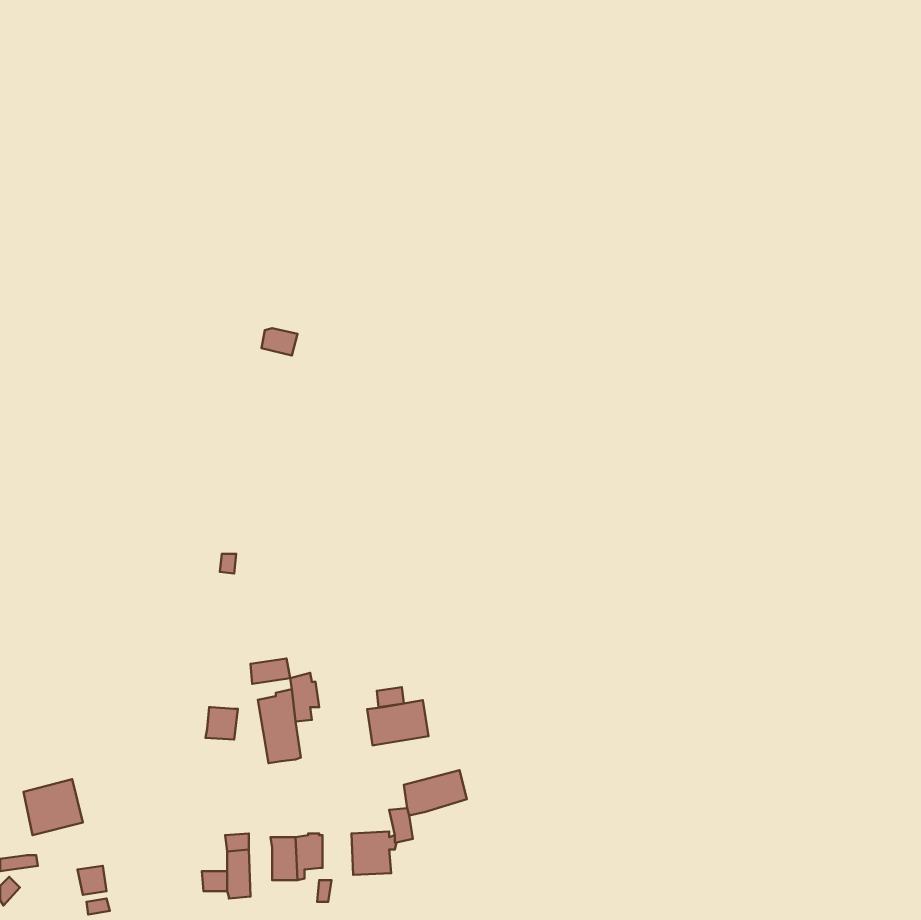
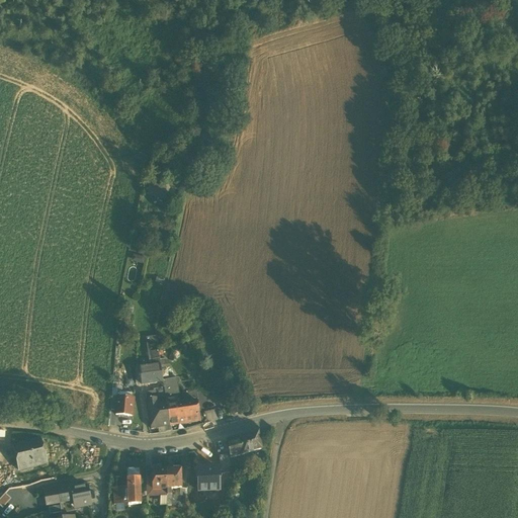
building: none -> [140,335,161,372]
building: [367,700,428,745] -> [166,400,200,425]
building: none -> [58,484,90,506]

